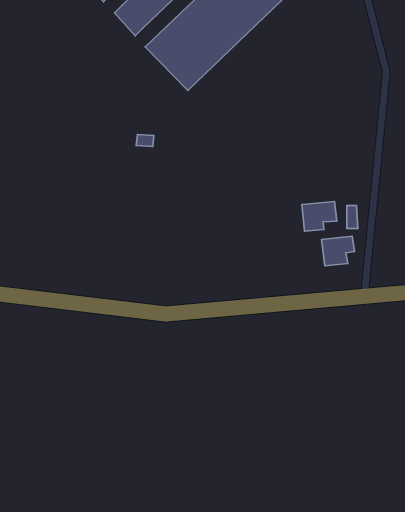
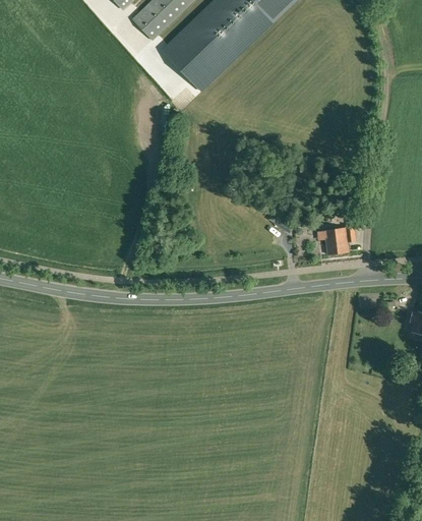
building: [302,202,337,231] -> none

